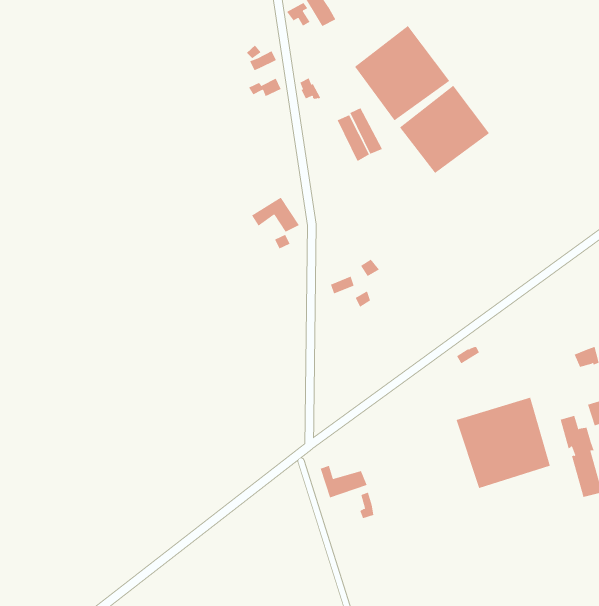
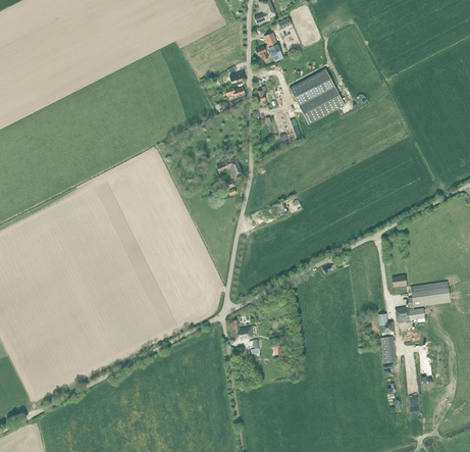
building: [399,85,490,174] -> none
building: [456,397,551,489] -> none

